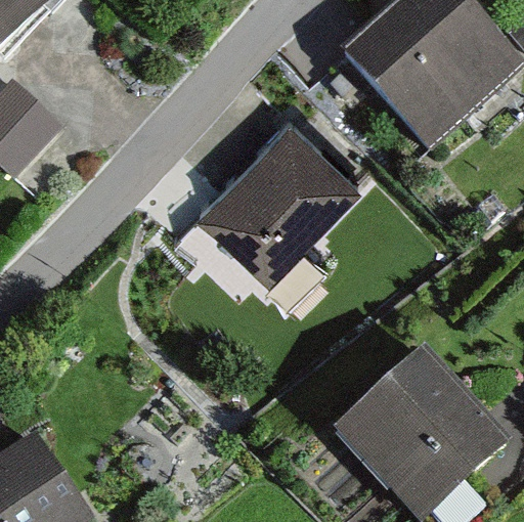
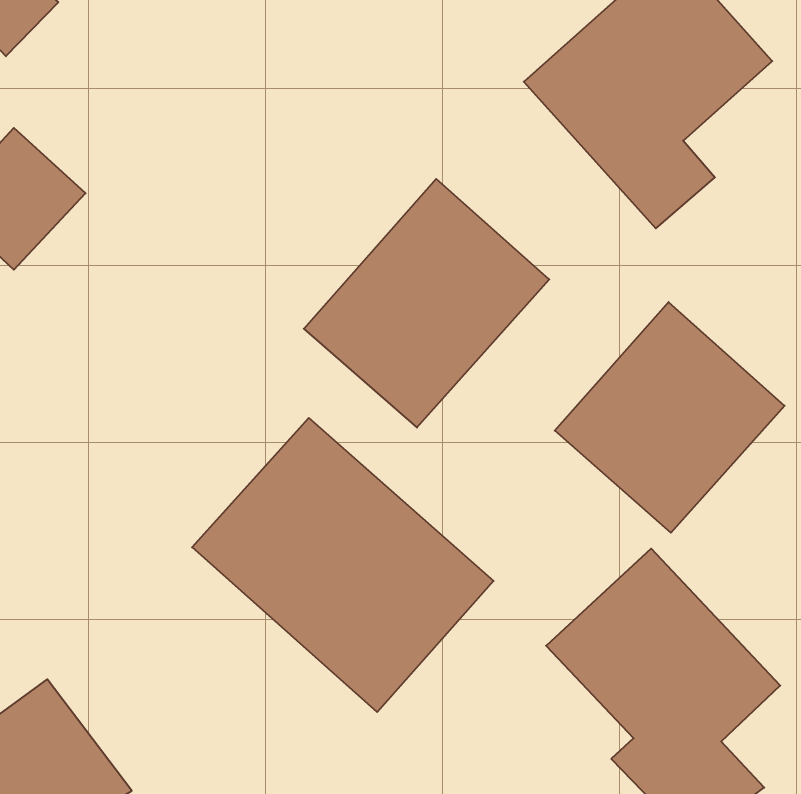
building: none -> [555,302,785,533]
building: none -> [192,418,494,712]

